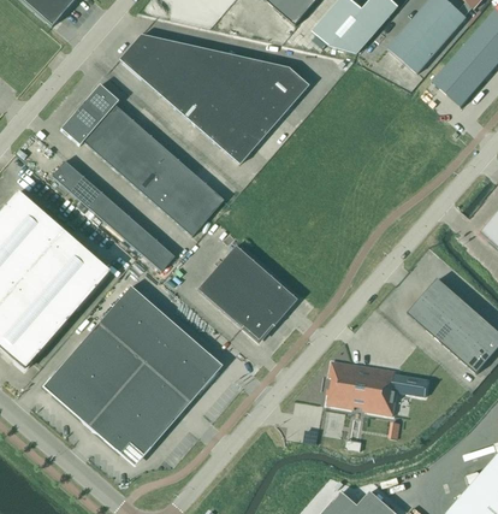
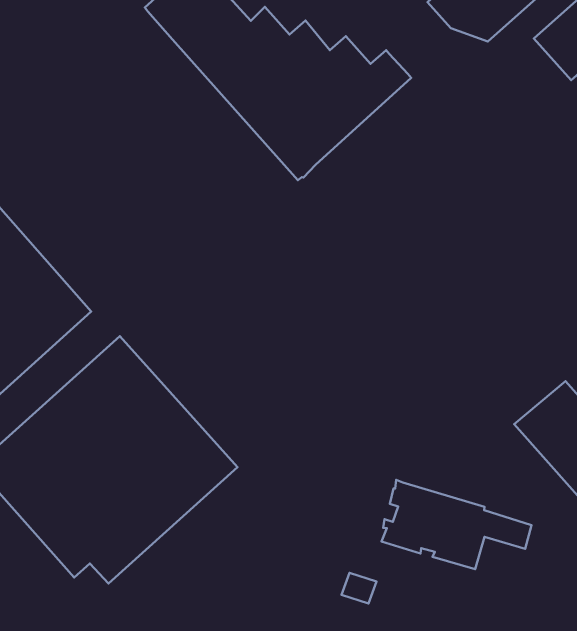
building: [60,84,223,236] -> none
building: [51,160,173,271] -> none
building: [195,244,296,341] -> none

